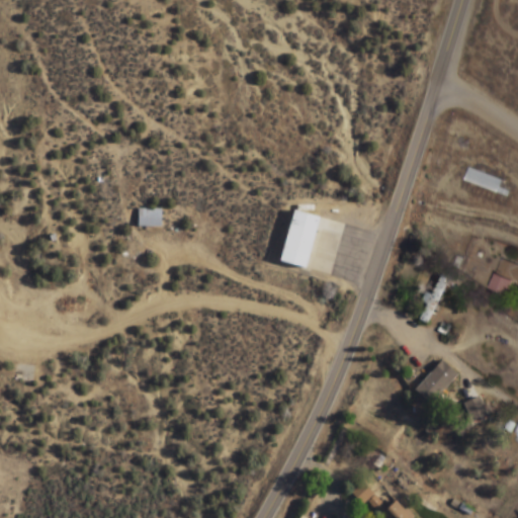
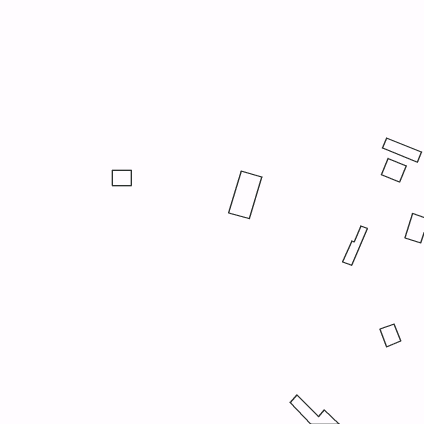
building: none -> [381,158,406,182]
building: [414,358,458,404] -> none

